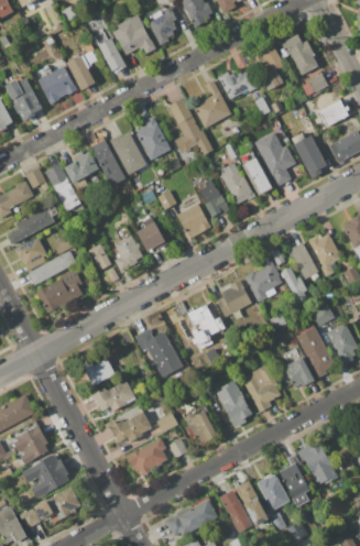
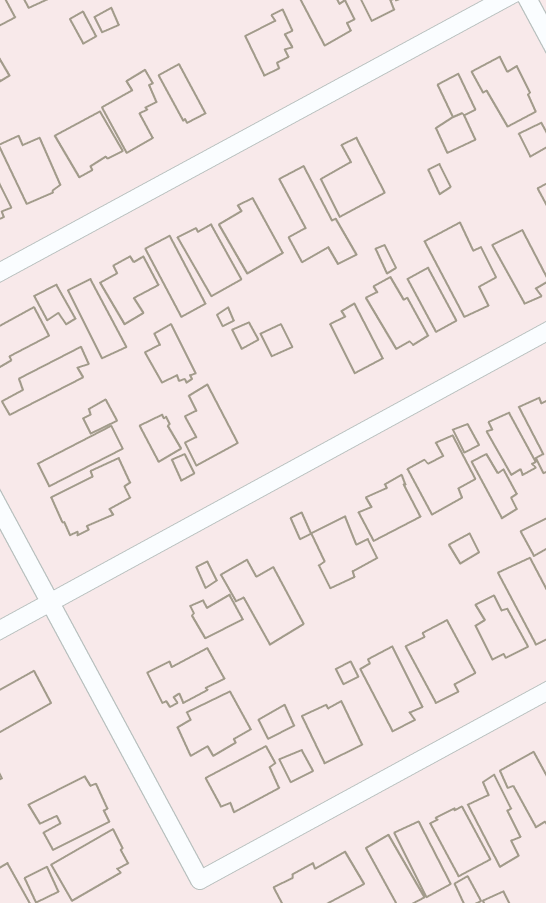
building: [111,14,155,54] -> none
building: [218,70,258,99] -> none
building: [176,203,210,238] -> none
building: [137,216,166,250] -> [145,324,196,383]
building: [15,238,46,271] -> none
building: [84,359,114,384] -> [190,595,243,638]
building: [13,426,48,465] -> none

